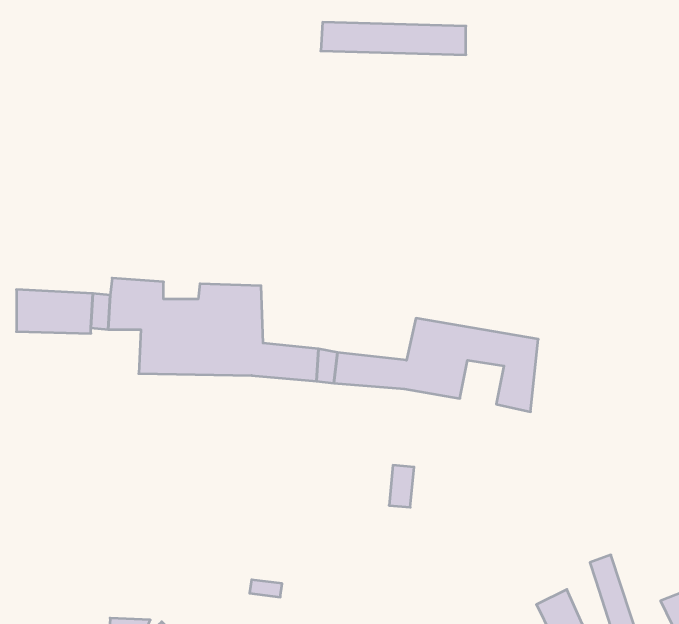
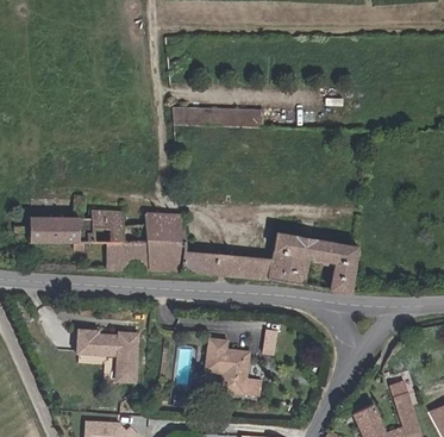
building: [321,22,466,55] -> [173,104,263,124]
building: none -> [83,329,143,381]
building: none -> [207,335,264,395]

